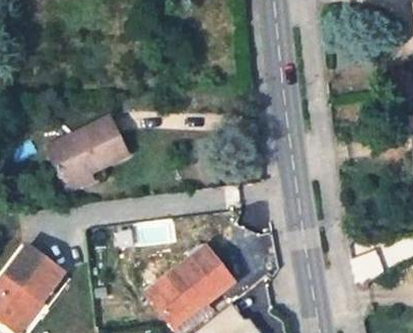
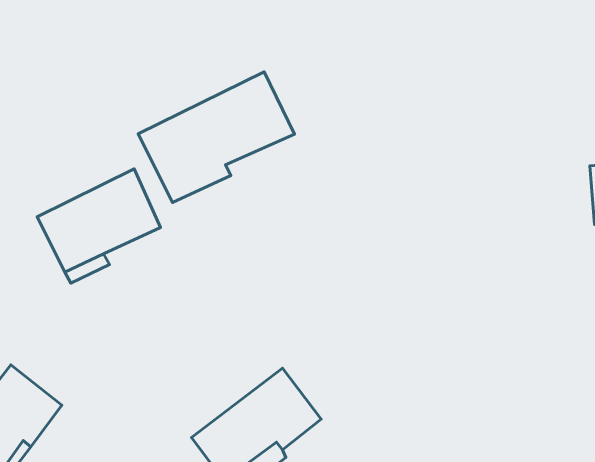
building: none -> [138,72,294,203]

